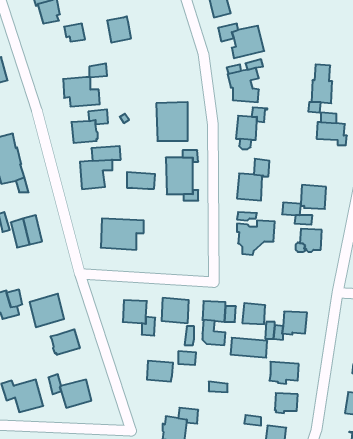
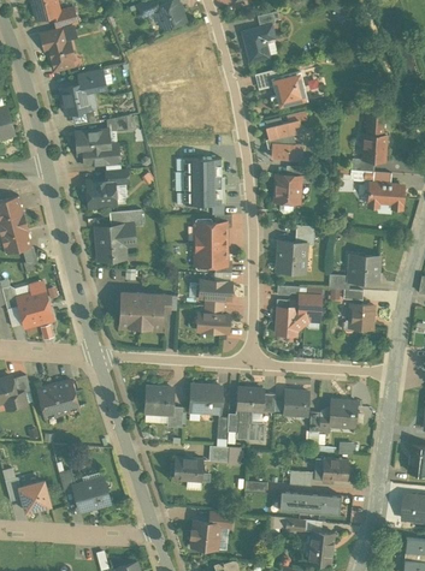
building: [107,16,131,43] -> [60,84,88,114]
building: [127,172,155,189] -> [199,280,231,299]
building: none -> [196,314,229,333]
building: [51,329,80,355] -> none
building: [231,338,267,358] -> [278,490,320,513]

